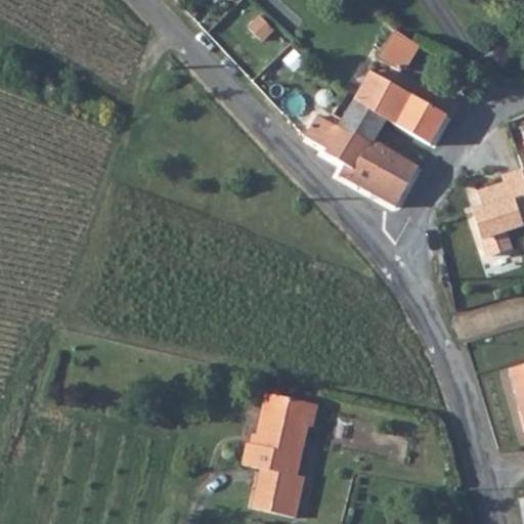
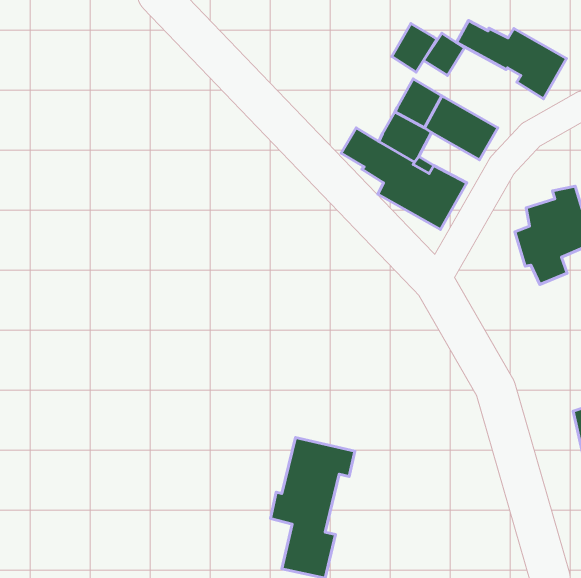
building: none -> [456,20,567,99]
building: none -> [392,24,437,72]

